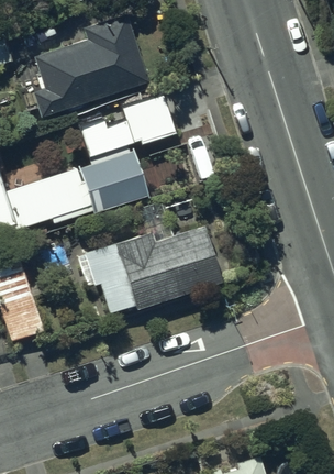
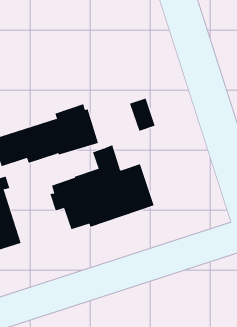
building: [34,12,151,118] -> none
building: [78,93,177,157] -> none

